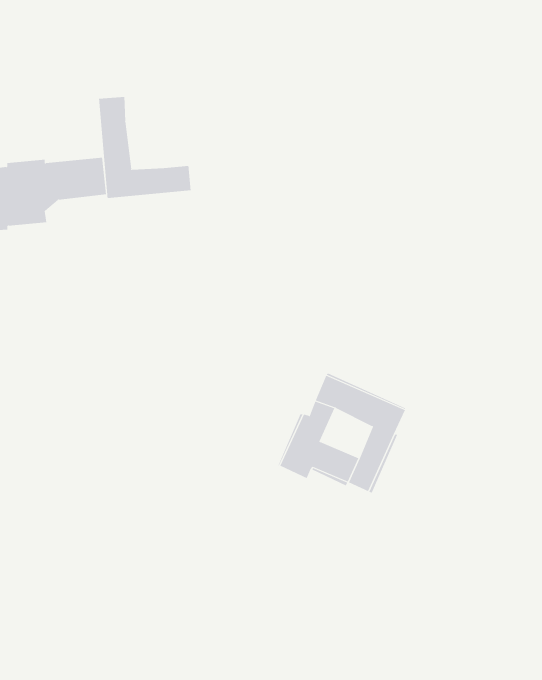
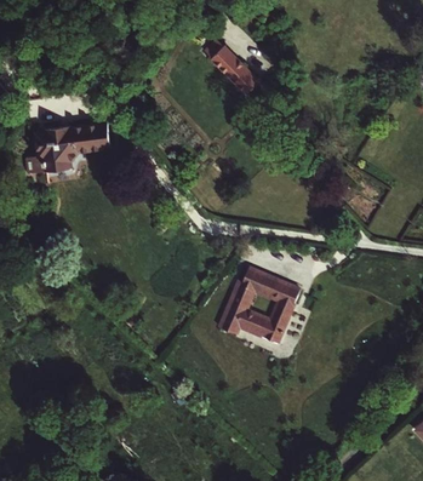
building: none -> [204,41,258,96]
building: [98,96,191,199] -> none

